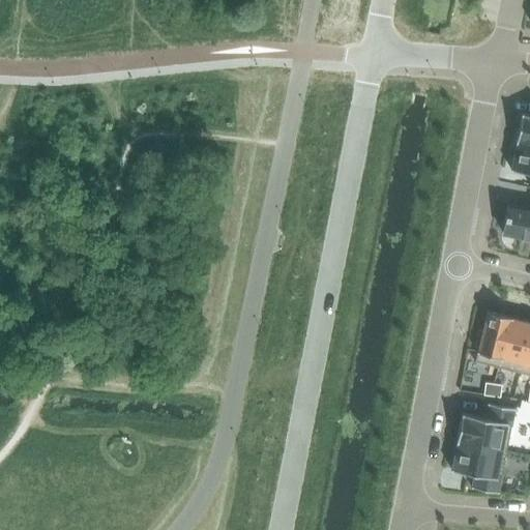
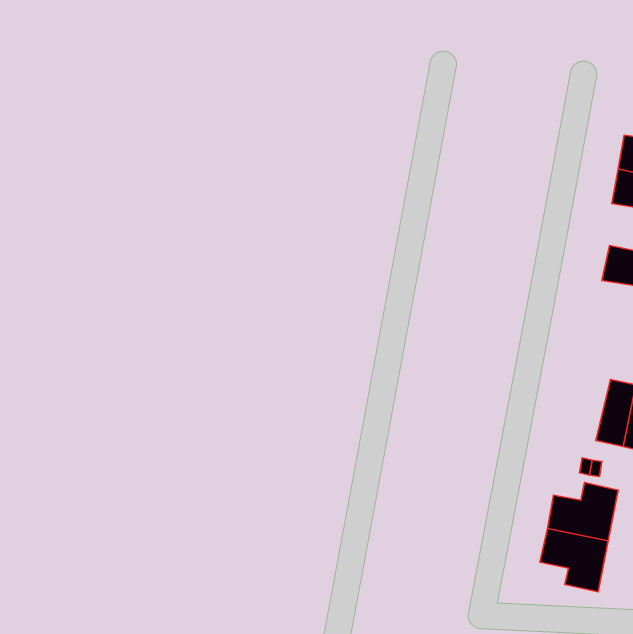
building: [476,311,510,367] -> none

